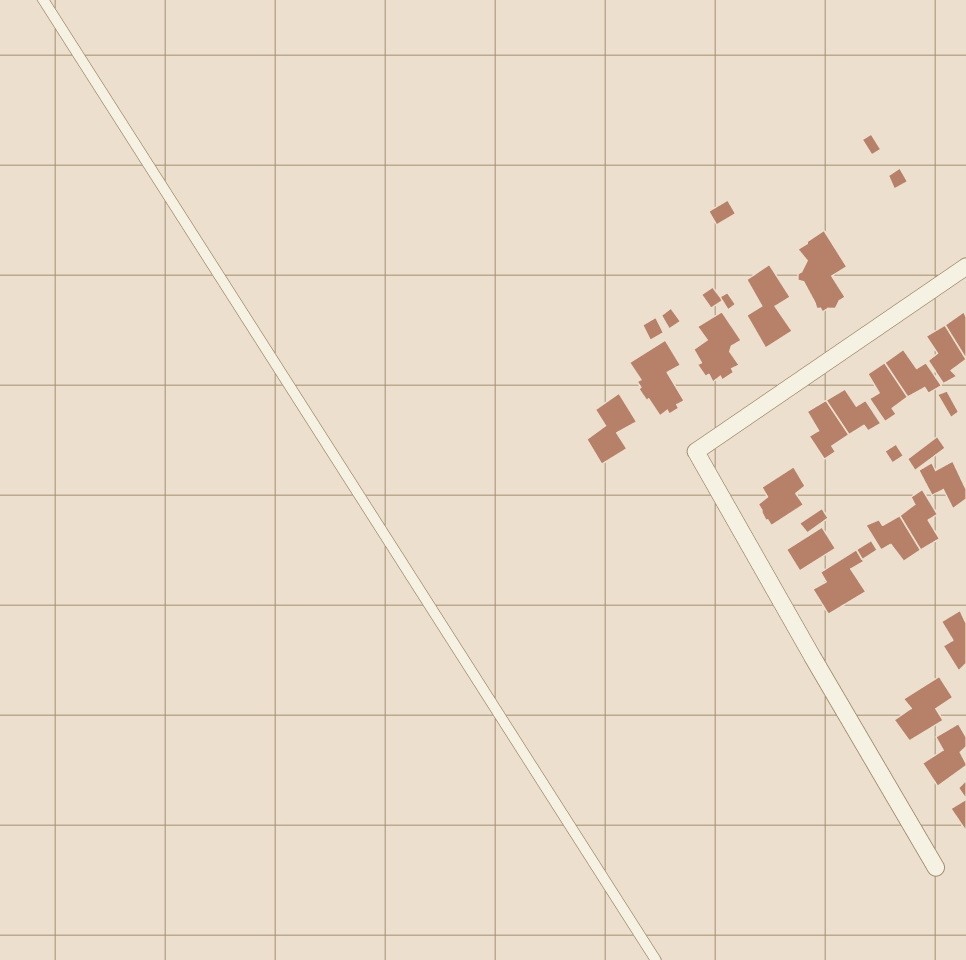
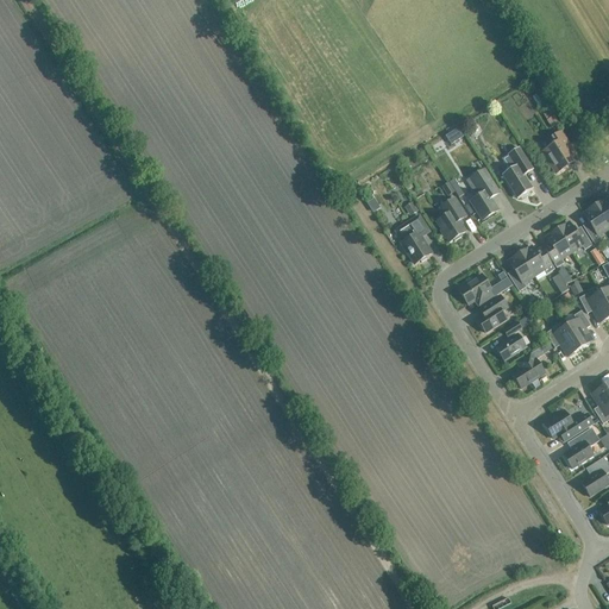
building: none -> [542,130,576,171]
building: [587,393,637,464] -> none
building: none -> [458,272,503,303]
building: none -> [544,409,592,437]

